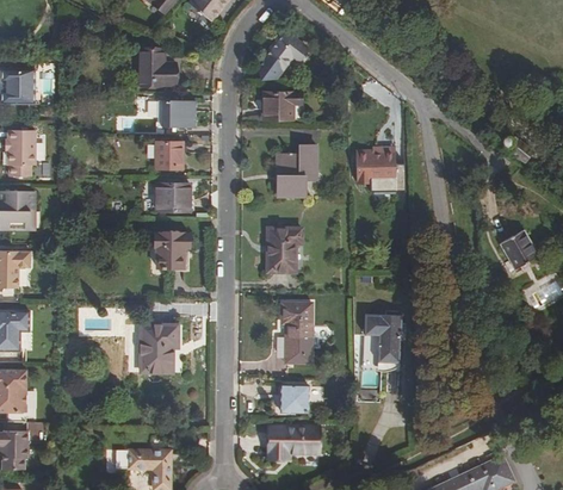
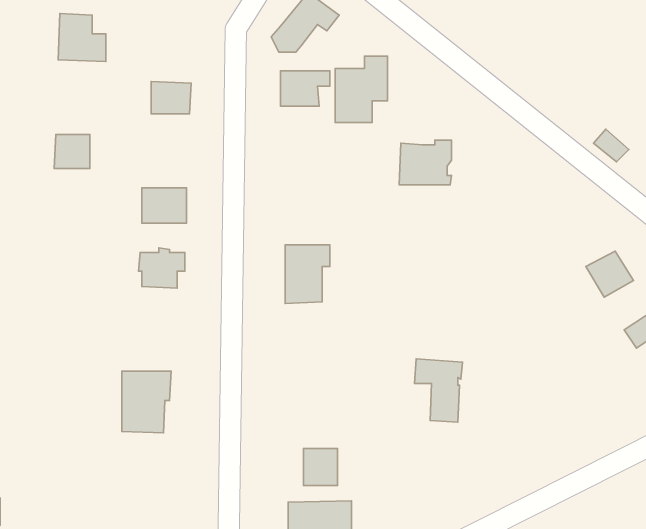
building: [137,49,174,86] -> [58,14,106,61]
building: [154,143,181,169] -> [54,134,90,168]
building: [276,145,316,197] -> [335,56,388,122]
building: [274,303,310,365] -> none

